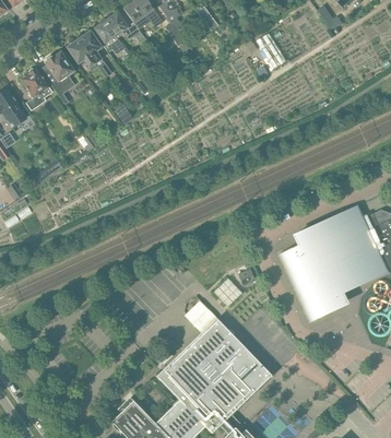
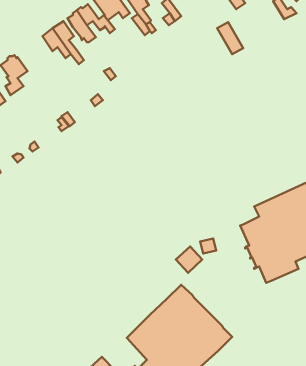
building: [39,52,75,105] -> none

